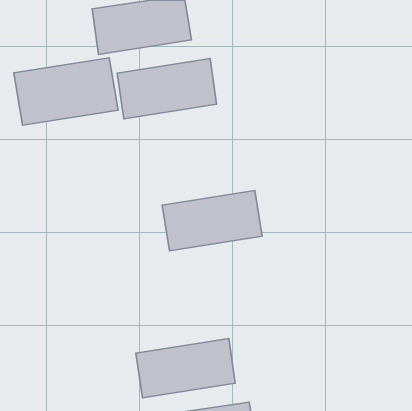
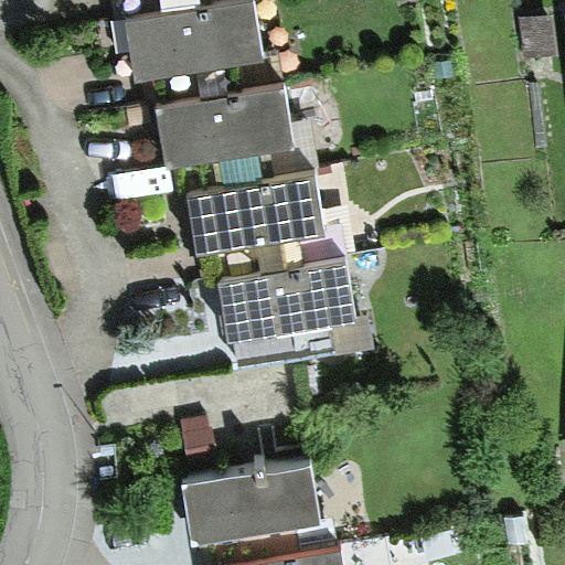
building: [14,58,118,125] -> none
building: none -> [188,174,323,255]

